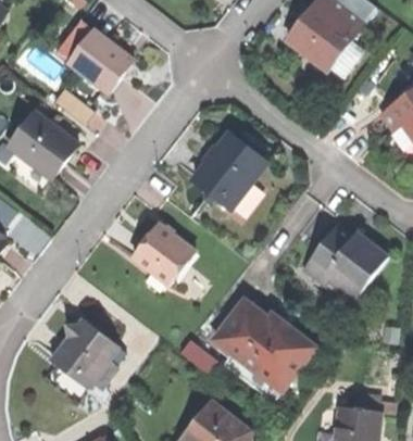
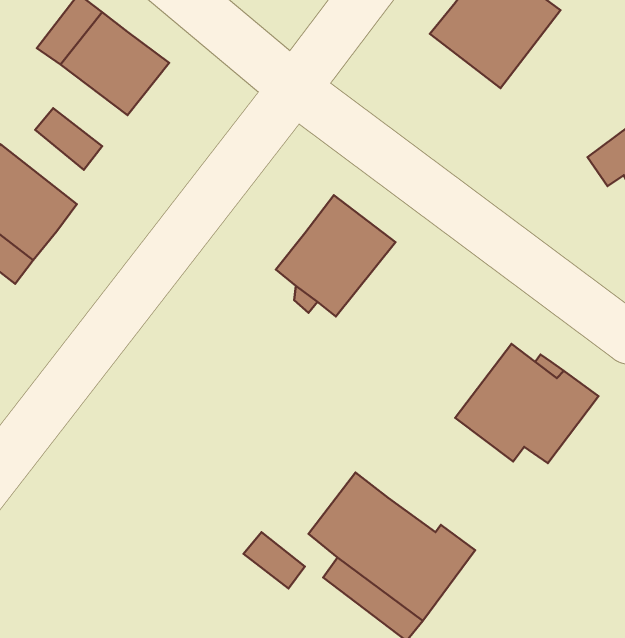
building: [134,225,198,287] -> none
building: [53,319,122,389] -> none

